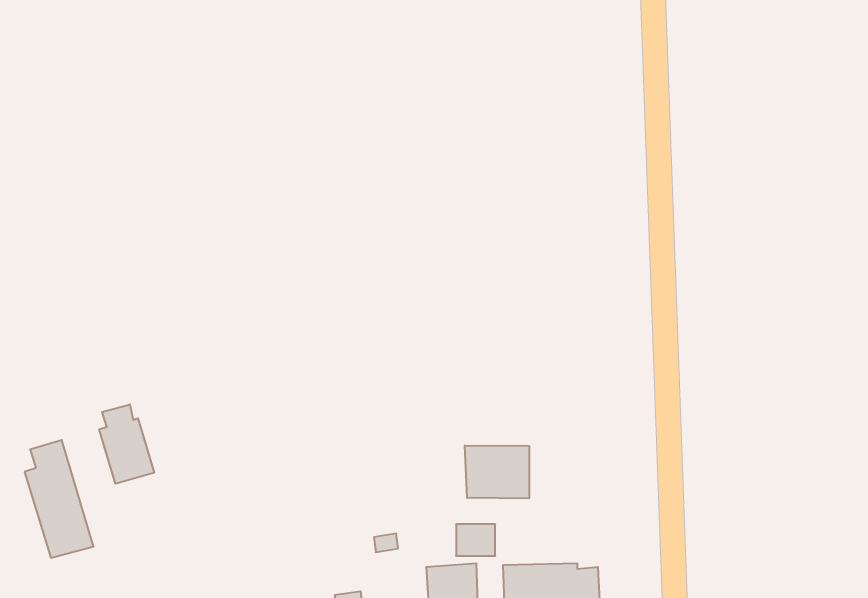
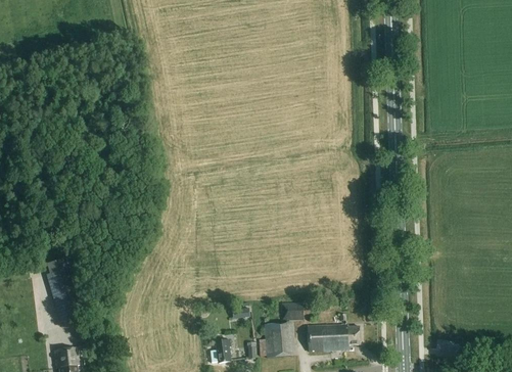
building: [99,404,154,484] -> none
building: [465,445,529,498] -> none

